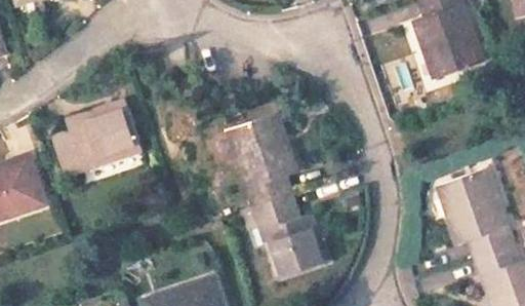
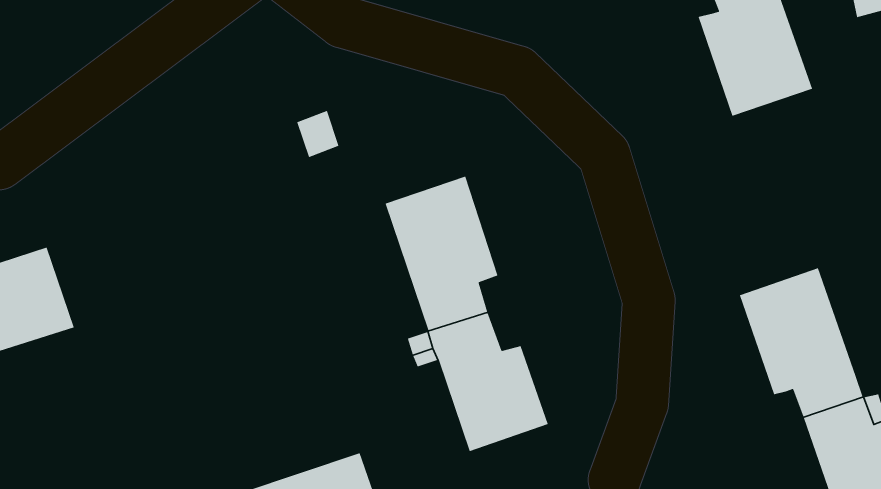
building: [52,102,142,176] -> none

